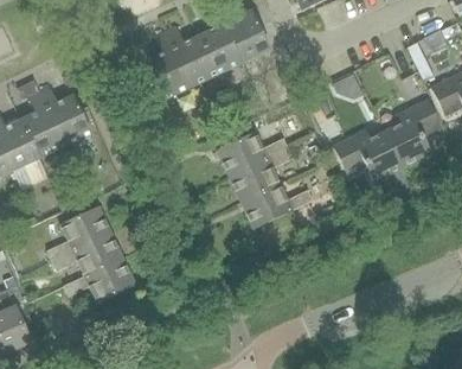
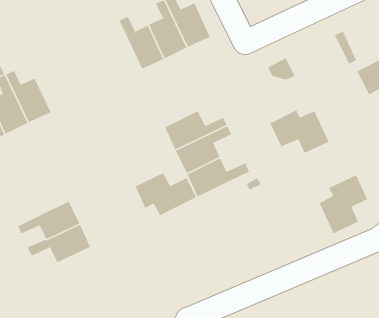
building: [147,30,192,97] -> none
building: [385,98,441,166] -> [318,174,368,235]
building: none -> [135,172,197,216]
building: [46,205,110,260] -> none

